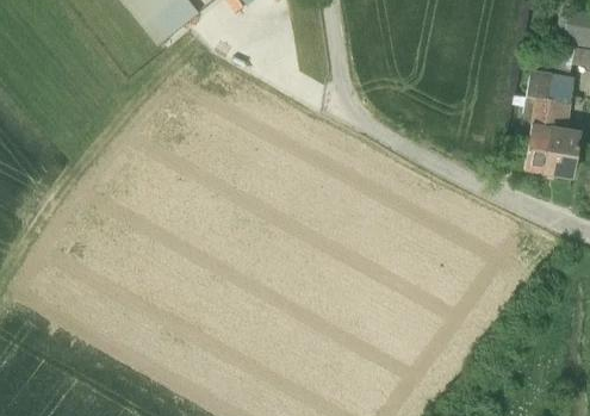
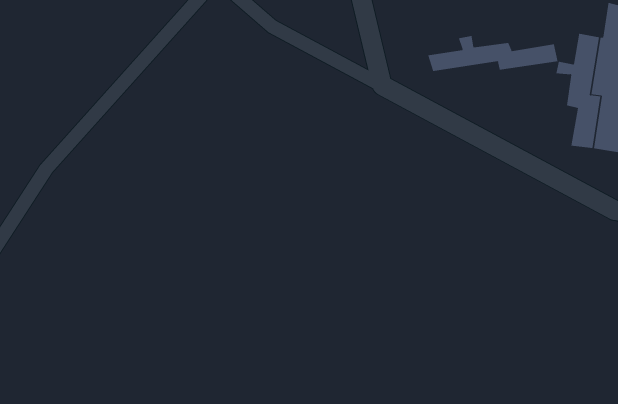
building: none -> [427,35,558,72]

